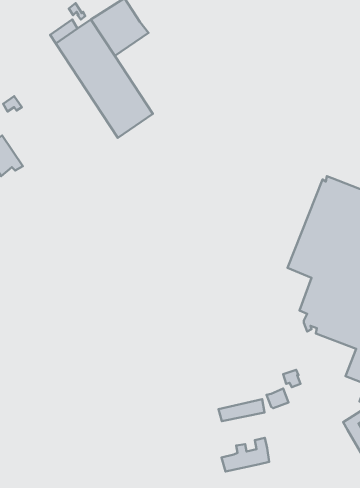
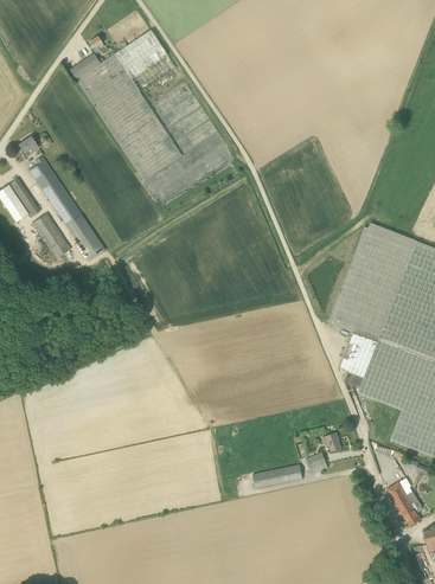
building: none -> [30,156,105,261]
building: none -> [32,213,71,259]
building: [221,438,269,471] -> none

